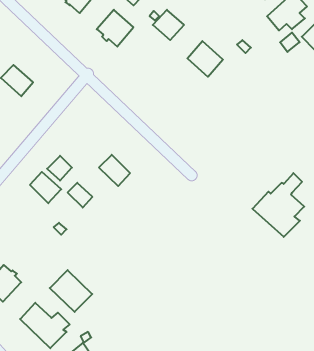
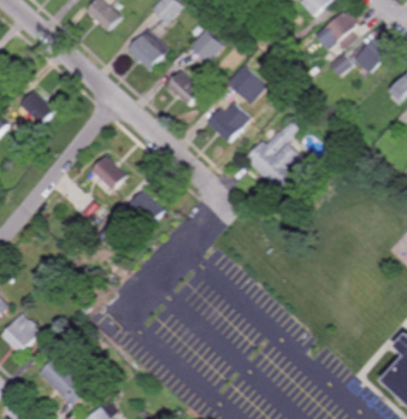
building: none -> [165,70,200,105]
building: none -> [204,102,248,142]
building: [30,172,61,203] -> [90,155,125,190]
building: [252,173,304,237] -> [243,119,301,190]
building: [50,270,92,312] -> none

